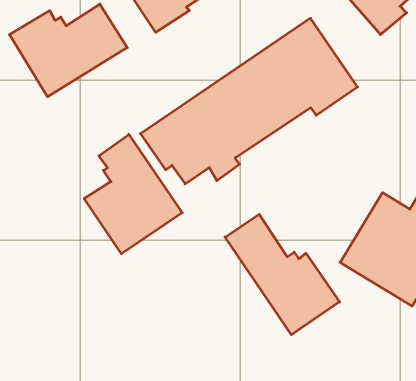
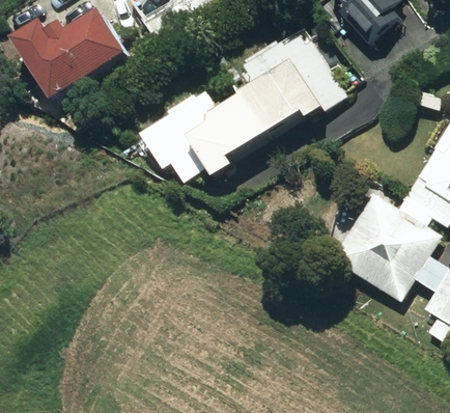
building: [84,134,182,254] -> none
building: [225,214,340,335] -> none

